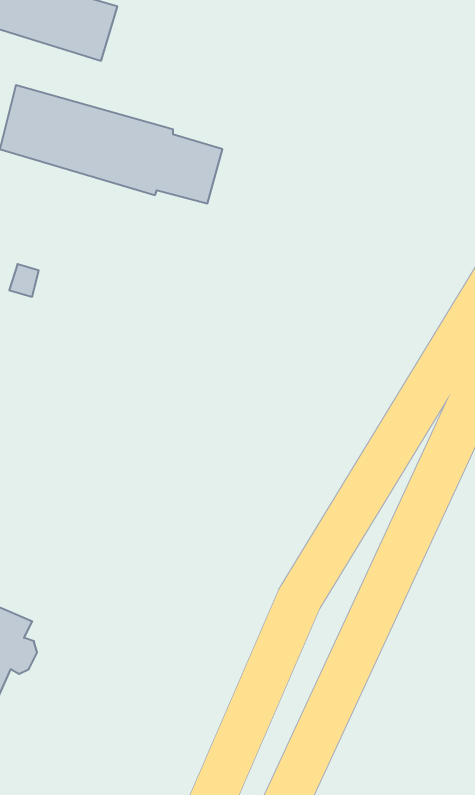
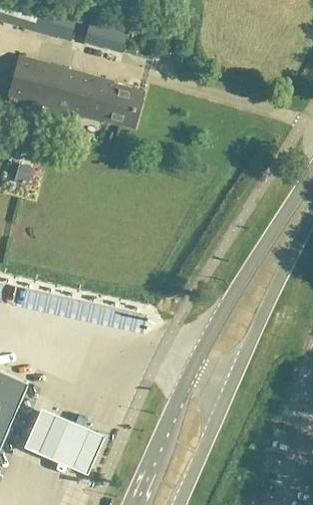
building: none -> [82,14,128,52]
building: none -> [26,413,104,478]

